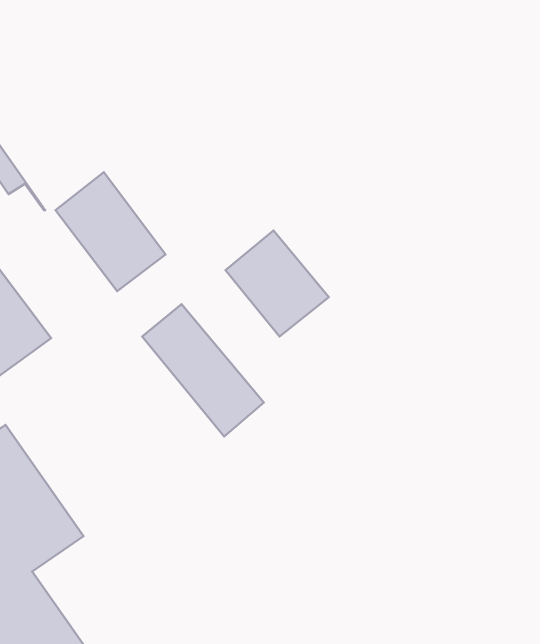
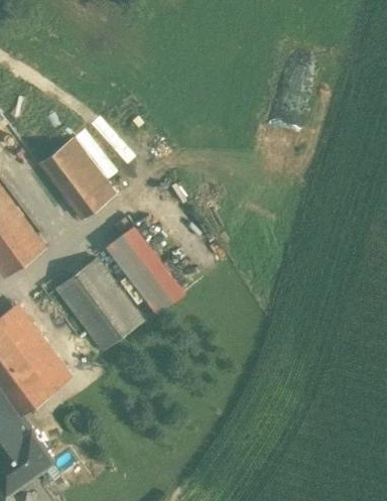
building: [225,231,329,336] -> none
building: none -> [55,259,148,356]

